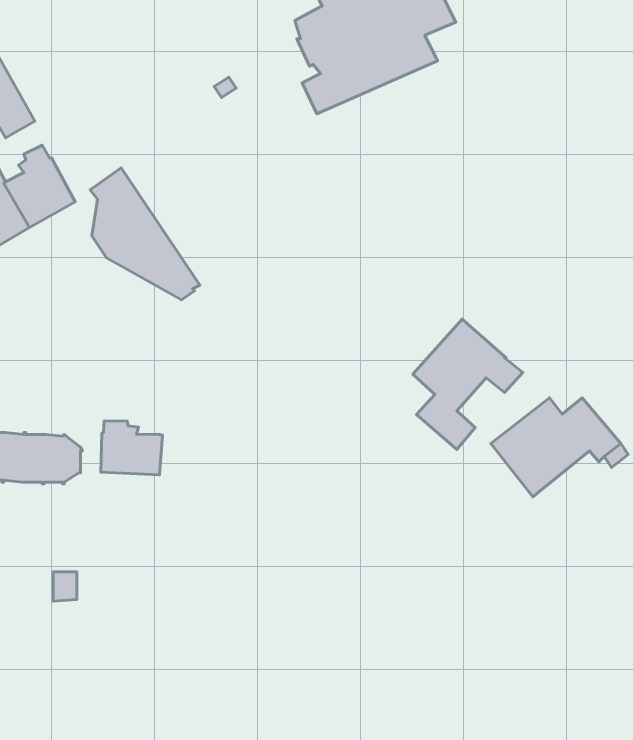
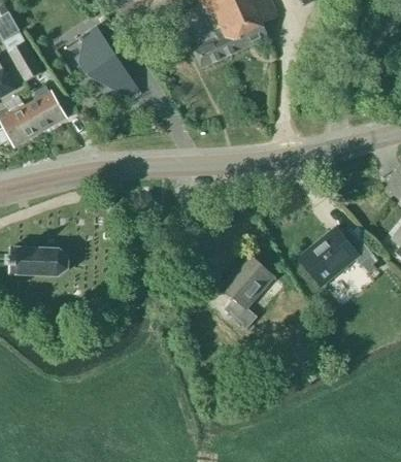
building: [90,168,200,300] -> [79,26,141,100]
building: [413,319,523,449] -> [222,255,283,328]
building: [101,421,162,475] -> none

